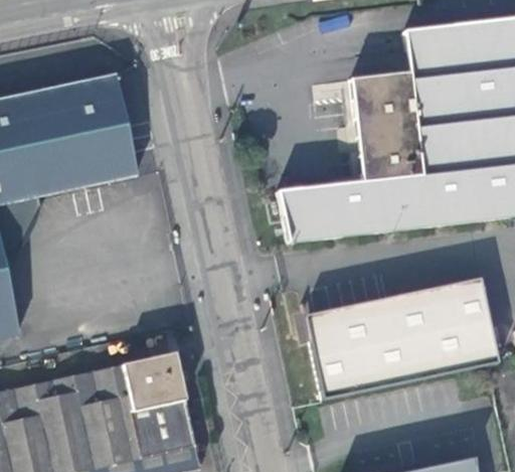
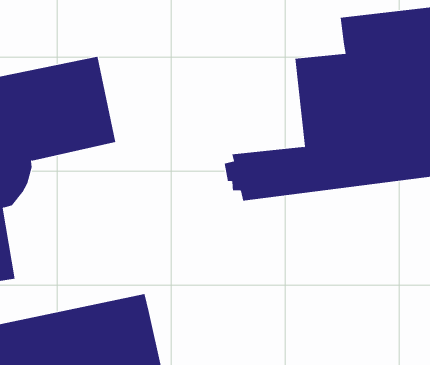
building: [305,278,502,400] -> none

